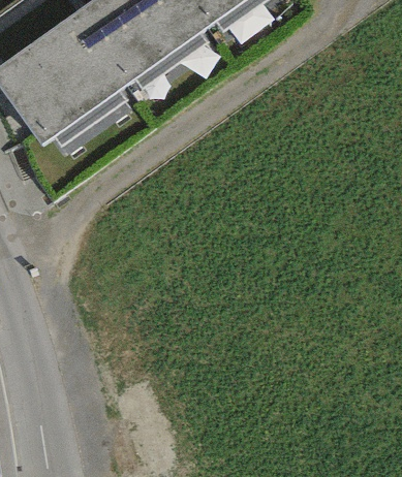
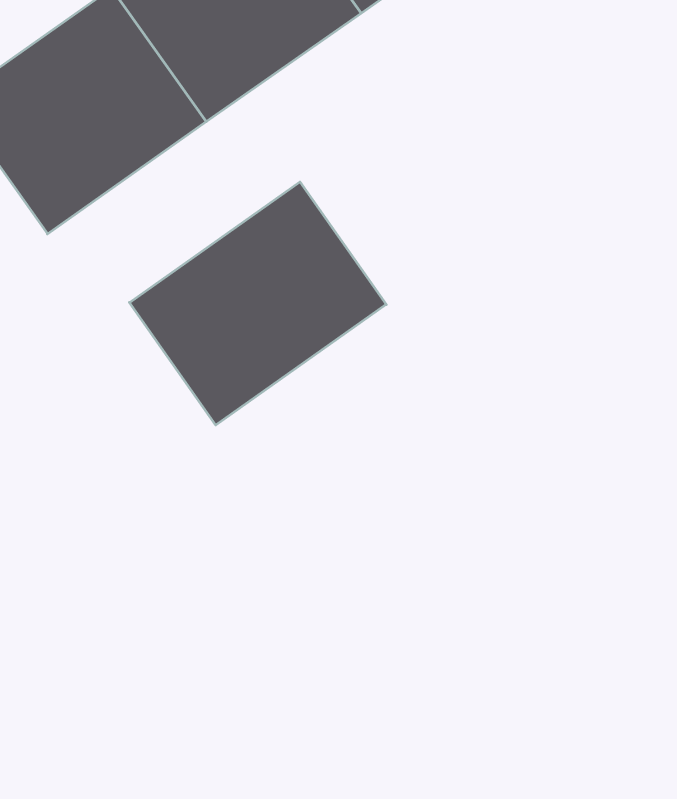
building: none -> [129,182,386,425]

